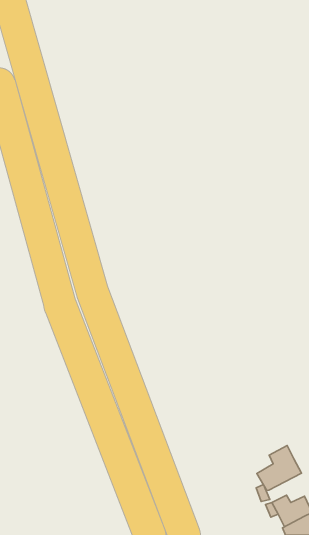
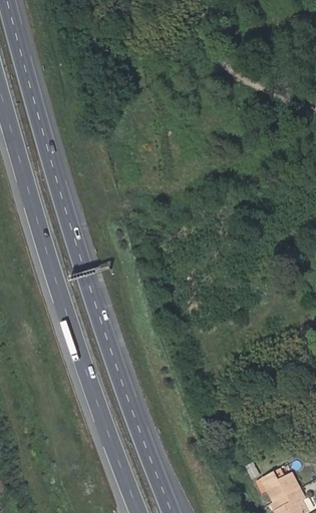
building: [257,445,302,491] -> none

